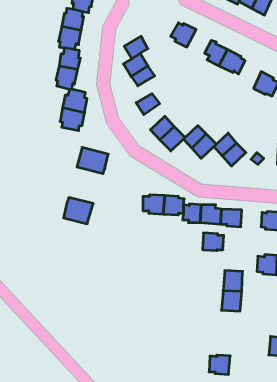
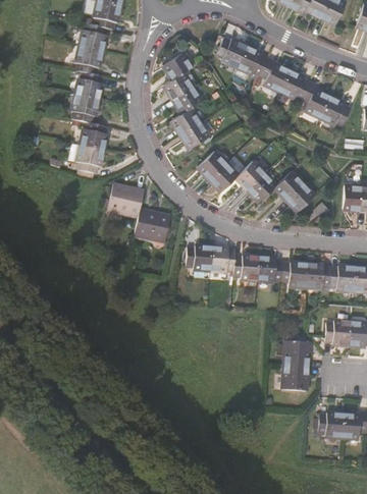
building: none -> [240,45,269,73]
building: none -> [302,83,329,116]
building: none -> [170,108,198,133]
building: [64,198,93,224] -> [135,213,170,244]
building: [203,233,224,251] -> [305,263,330,284]
building: [209,355,230,374] -> [315,415,340,438]

